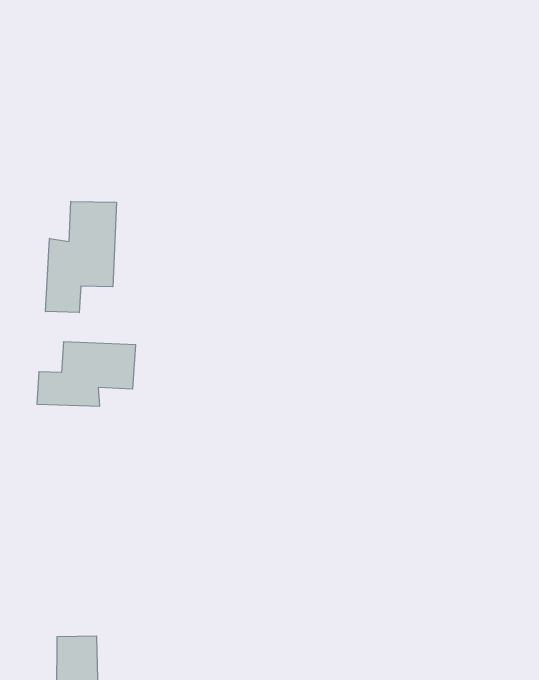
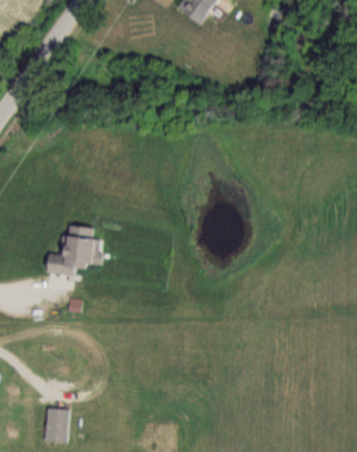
building: [46,201,116,313] -> none

